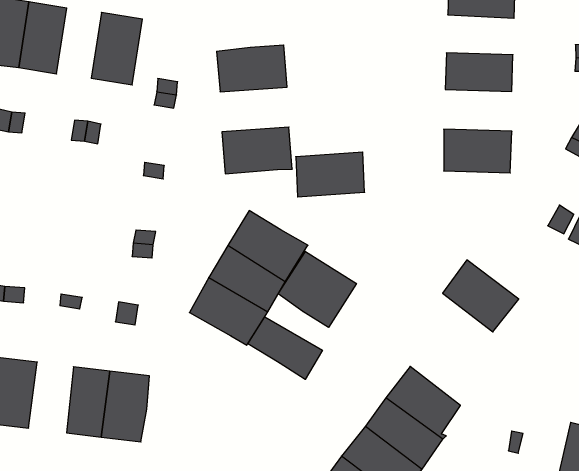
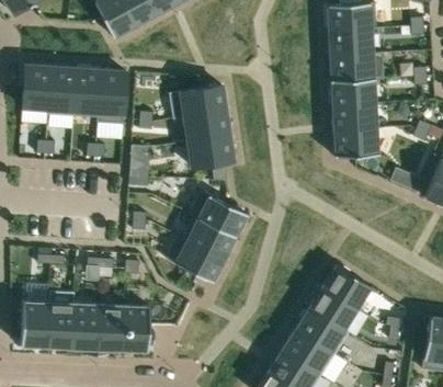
building: none -> [75,69,101,114]
building: none -> [329,53,374,79]
building: none -> [331,101,377,129]
building: [296,152,365,197] -> [183,110,230,143]
building: [278,251,356,327] -> none
building: [443,260,519,332] -> [322,264,373,310]
building: [248,317,322,379] -> none
building: none -> [75,304,101,349]

